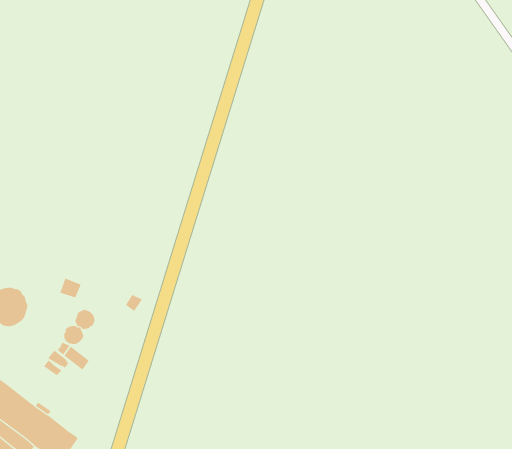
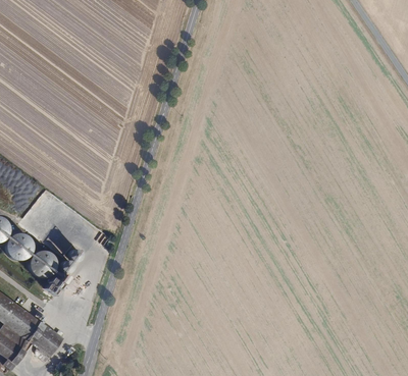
building: none -> [20,244,49,272]

